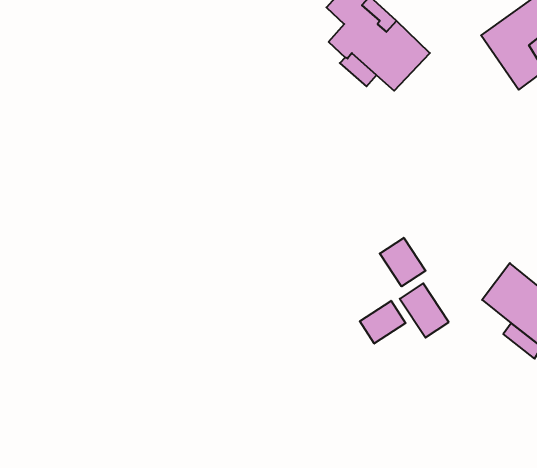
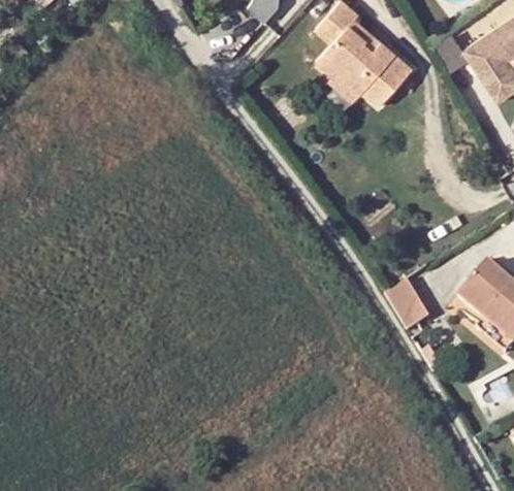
building: [380,238,426,286] -> none
building: [360,301,406,344] -> none

